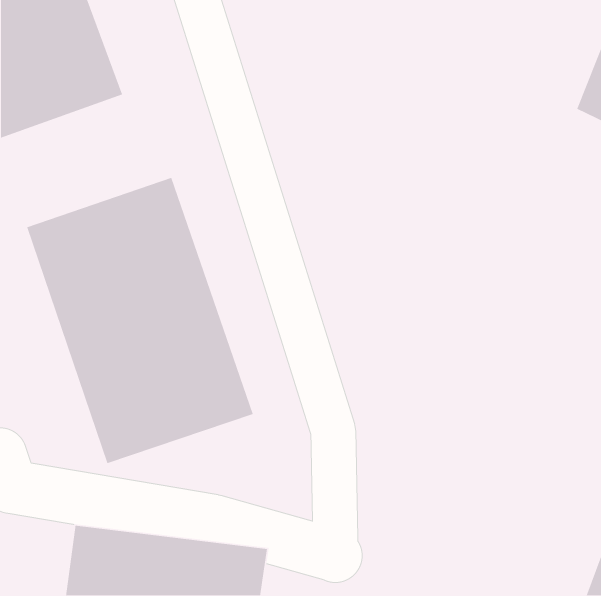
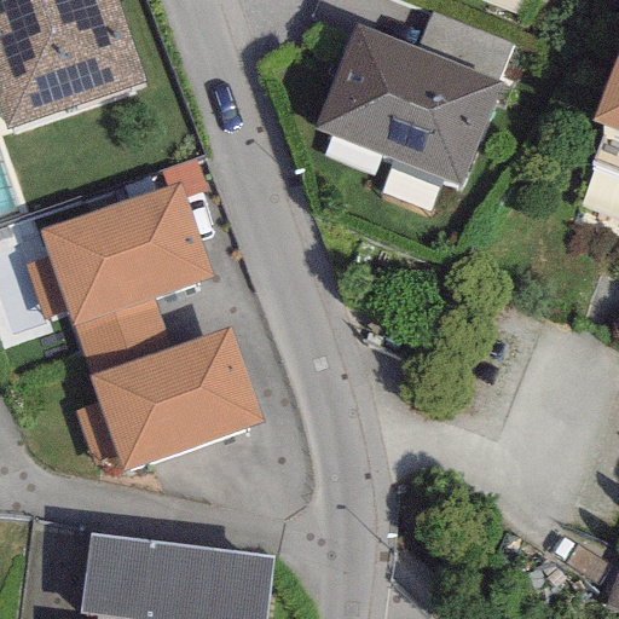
building: none -> [316,23,507,187]

